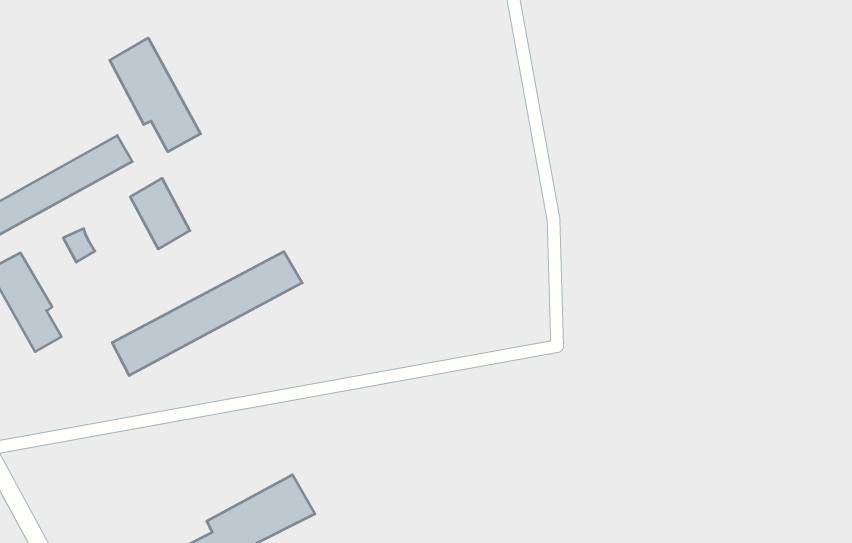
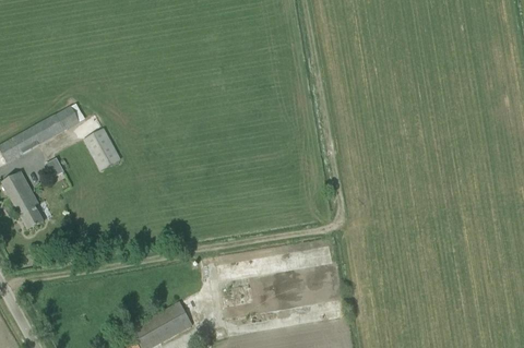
building: [110,38,201,152] -> none
building: [112,252,302,376] -> none

